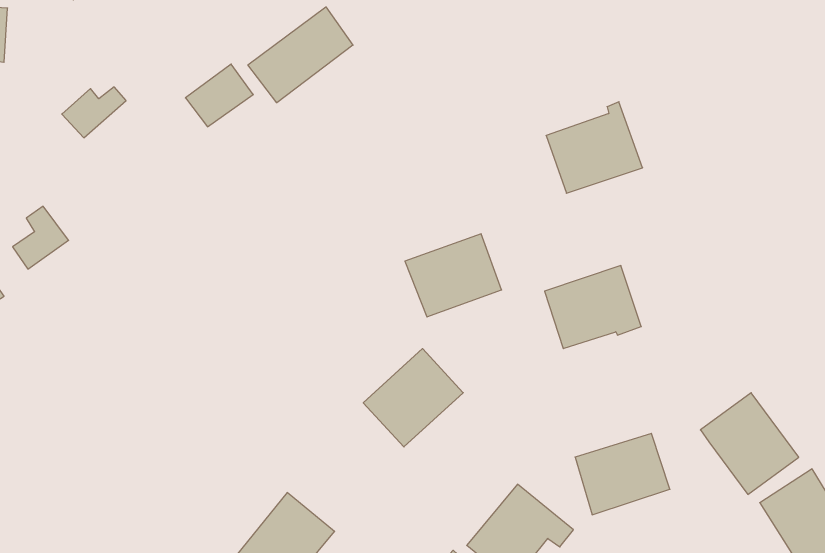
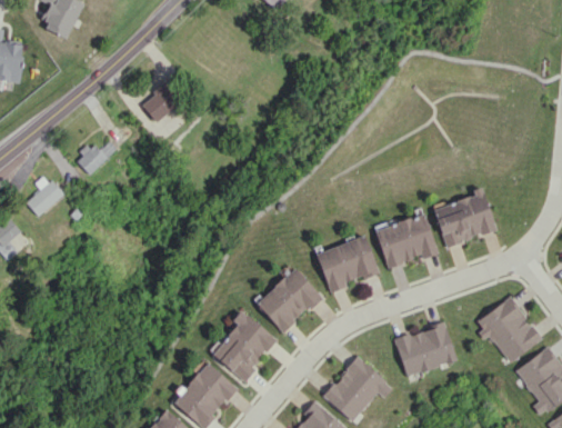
building: [248,7,353,103] -> none
building: [62,87,126,138] -> [74,141,117,175]
building: [546,102,643,193] -> [432,187,495,247]
building: [405,234,502,317] -> [314,236,378,290]
building: none -> [212,310,277,380]

